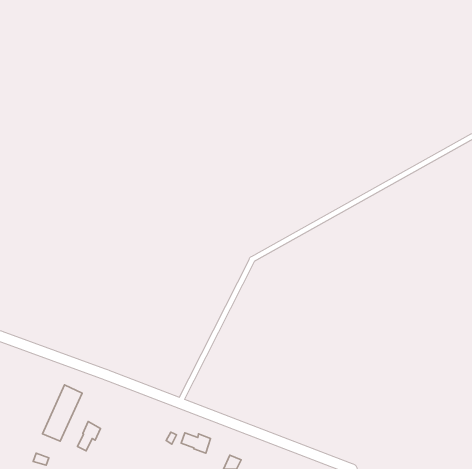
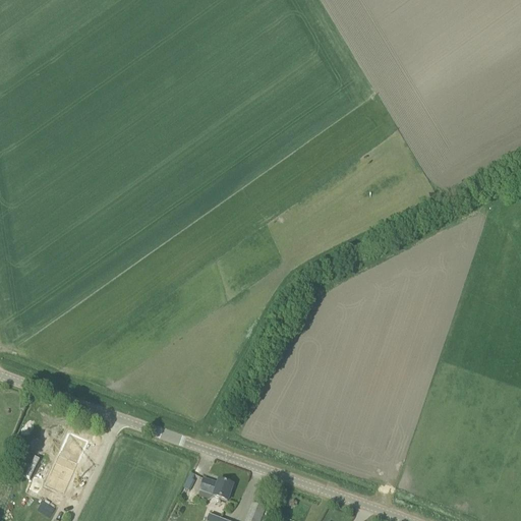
building: [77,422,101,451] -> none

